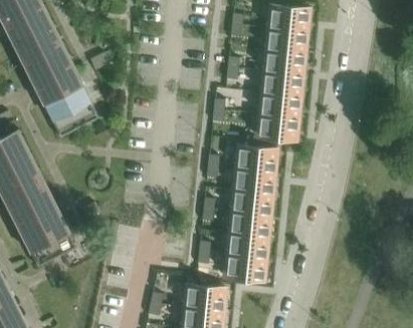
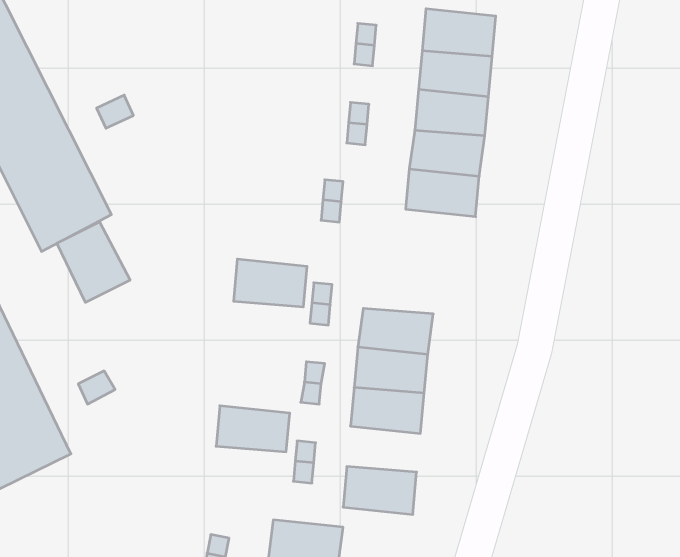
building: [257,115,297,141] -> none
building: none -> [57,222,130,302]
building: [236,146,276,173] -> [234,259,307,307]
building: [227,234,267,259] -> [216,406,290,452]

